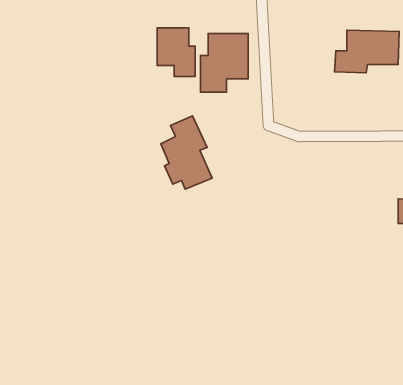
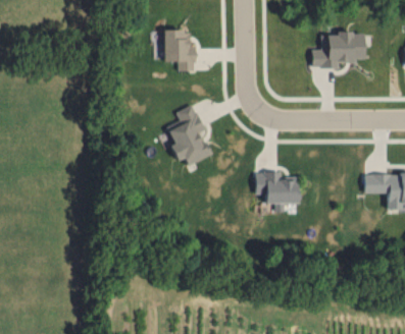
building: [200,33,248,92] -> none
building: none -> [255,172,299,205]

